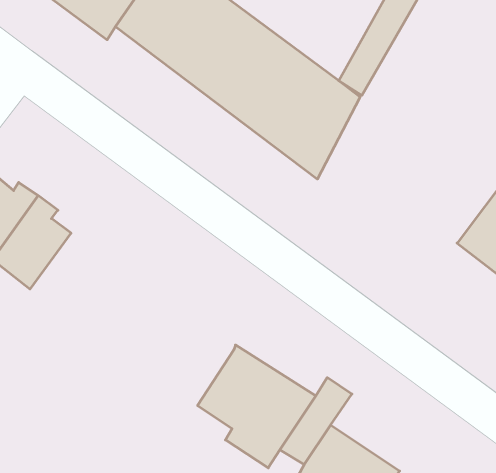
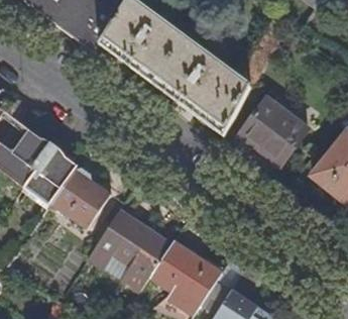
building: none -> [241,96,308,163]
building: none -> [51,168,110,227]
building: none -> [90,208,172,290]

